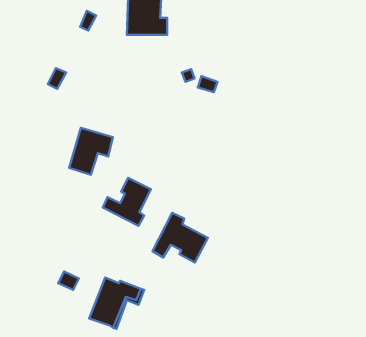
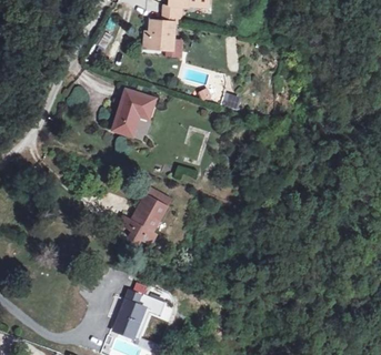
building: [69,128,113,175] -> [114,91,157,136]
building: [152,213,208,262] -> none

